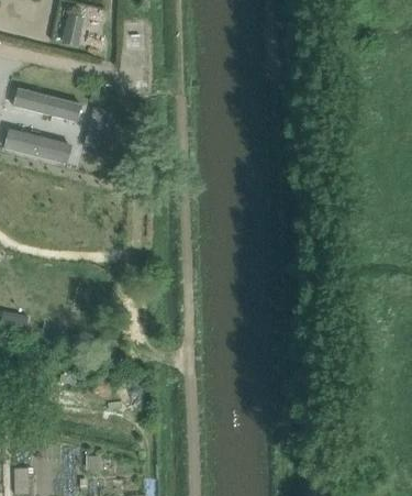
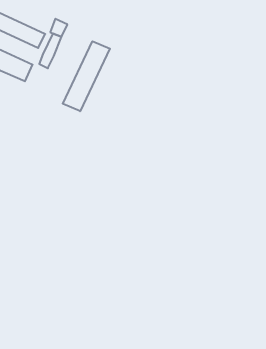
building: none -> [63,41,110,111]

